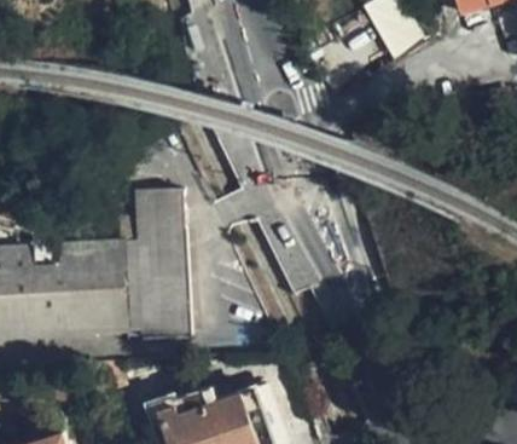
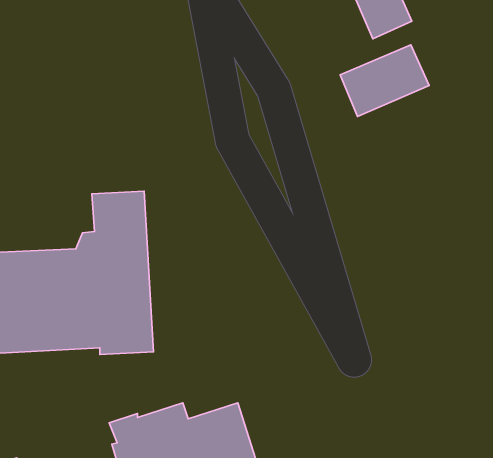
building: none -> [340,45,429,116]

